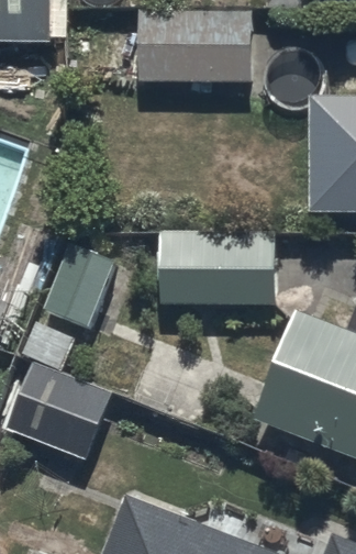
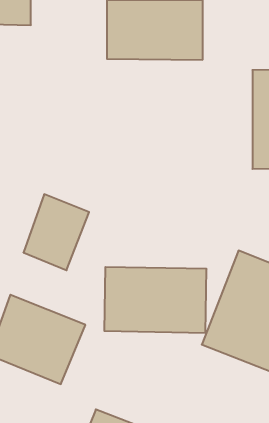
building: [158,230,278,307] -> [104,267,207,333]

